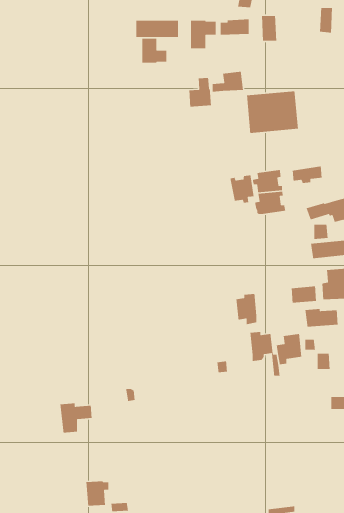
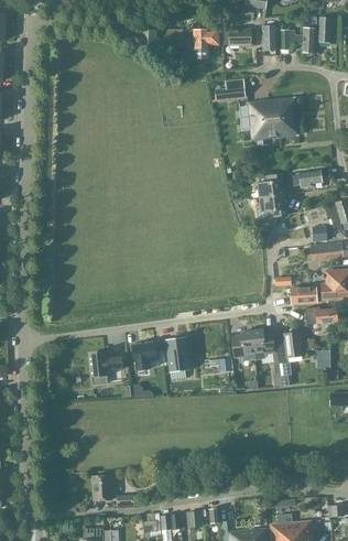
building: none -> [280,18,317,55]
building: [141,38,167,64] -> none
building: [188,77,212,107] -> none
building: [230,174,254,203] -> none
building: [236,293,257,325] -> [233,331,254,361]
building: none -> [166,336,192,380]
building: none -> [132,340,157,370]
building: [59,403,93,433] -> [90,354,122,383]

